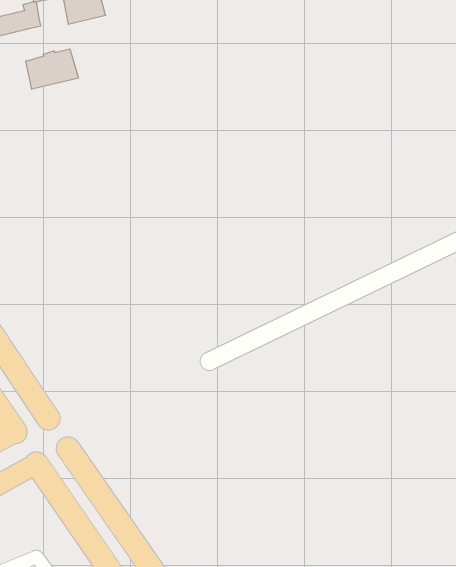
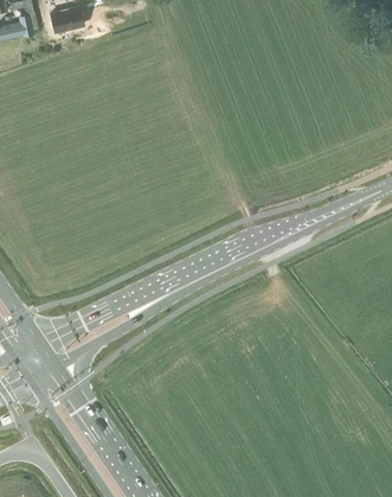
building: [26,49,78,89] -> none

